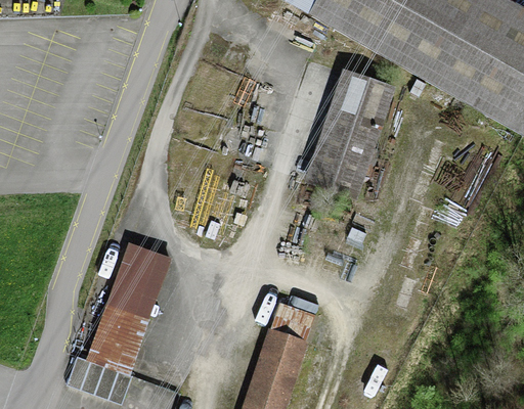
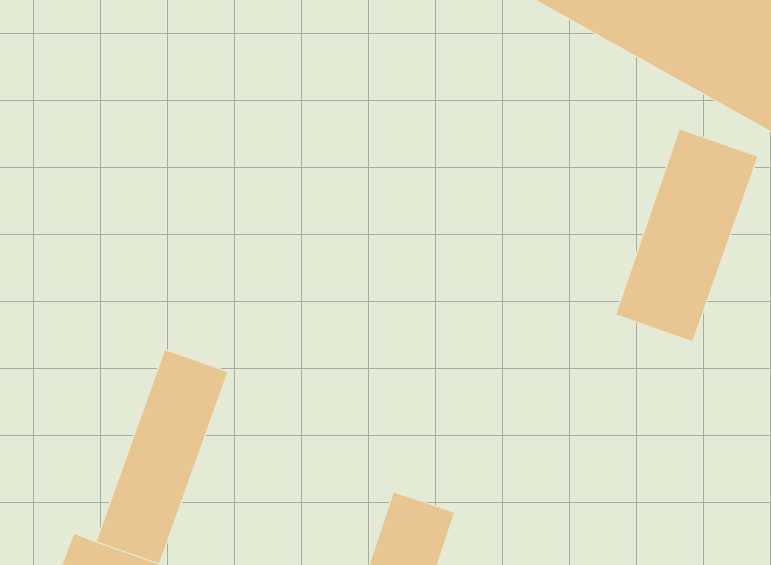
building: [309,70,394,196] -> [616,129,758,342]

